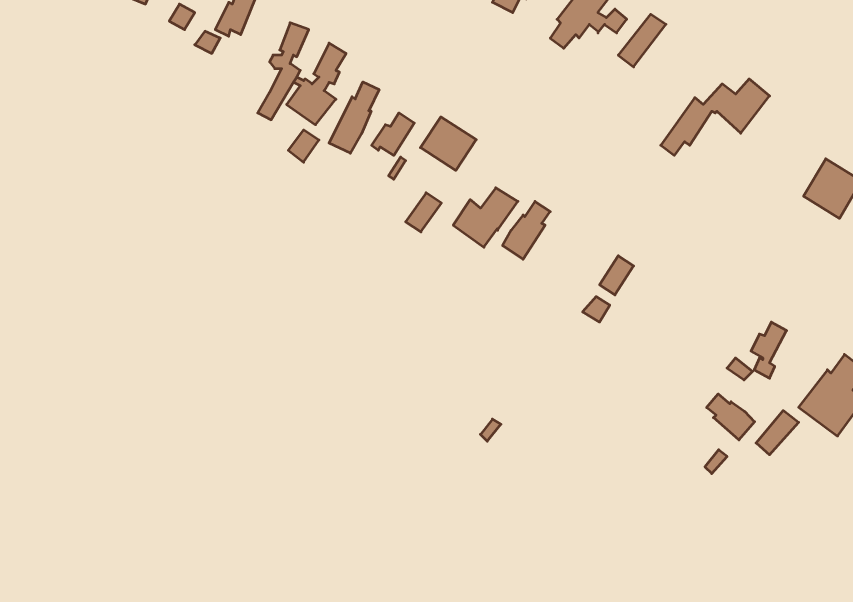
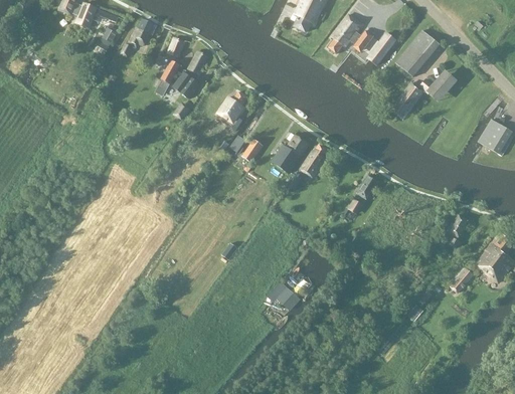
building: none -> [396,30,441,77]
building: [329,82,379,153] -> none
building: [420,117,476,170] -> none
building: [707,394,755,440] -> none
building: none -> [269,280,302,311]

